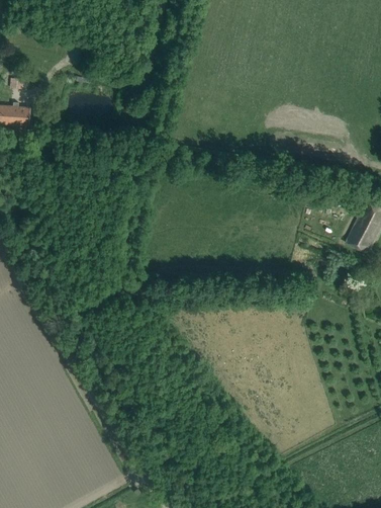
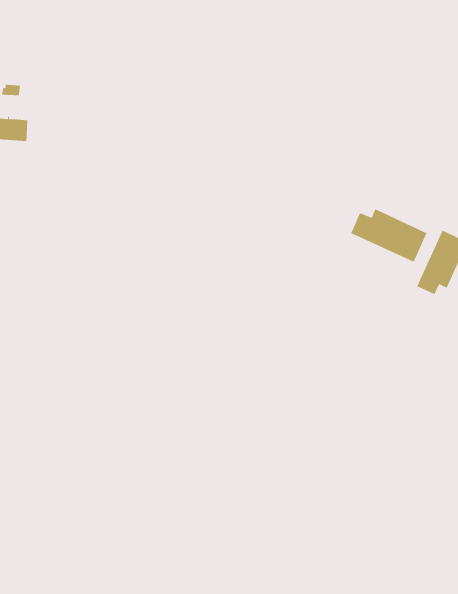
building: none -> [350,208,427,263]

